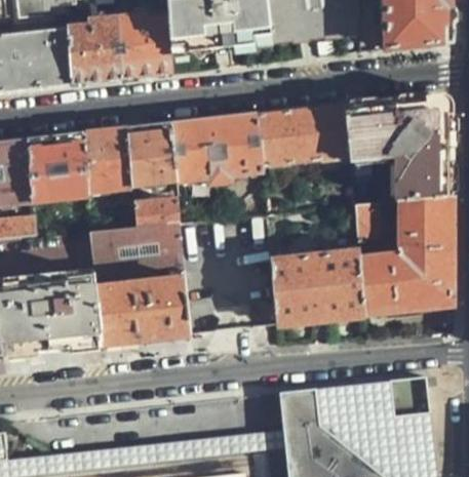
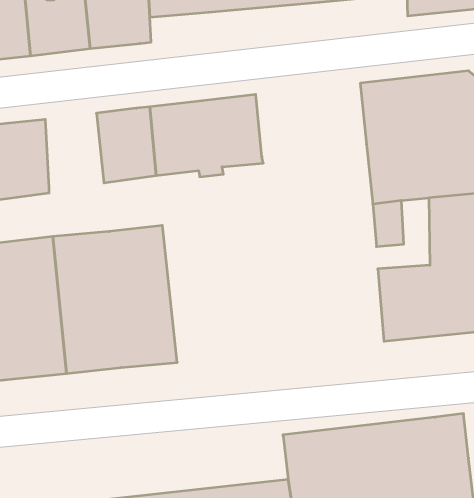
building: [256,105,347,165] -> none
building: [82,129,130,191] -> none
building: [131,200,179,227] -> none
building: [270,251,361,325] -> none

